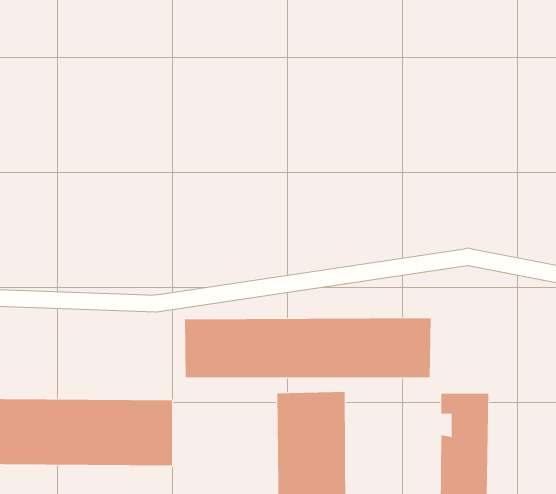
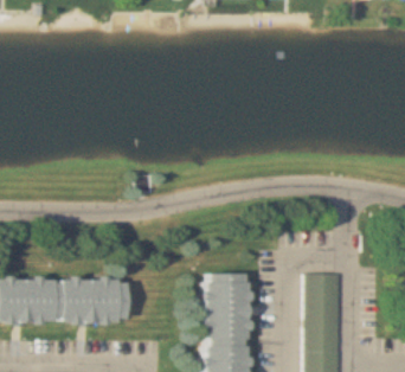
building: [185,318,431,378] -> none

